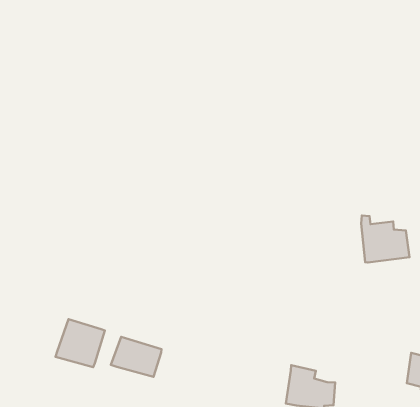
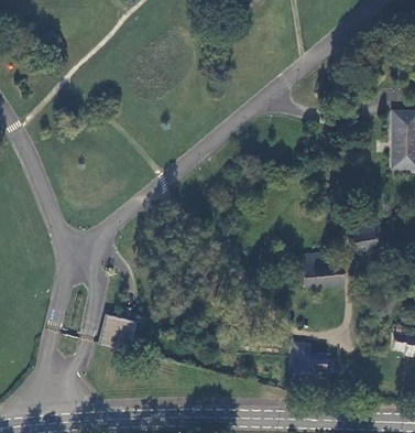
building: none -> [298,252,343,288]
building: [111,337,162,377] -> none

